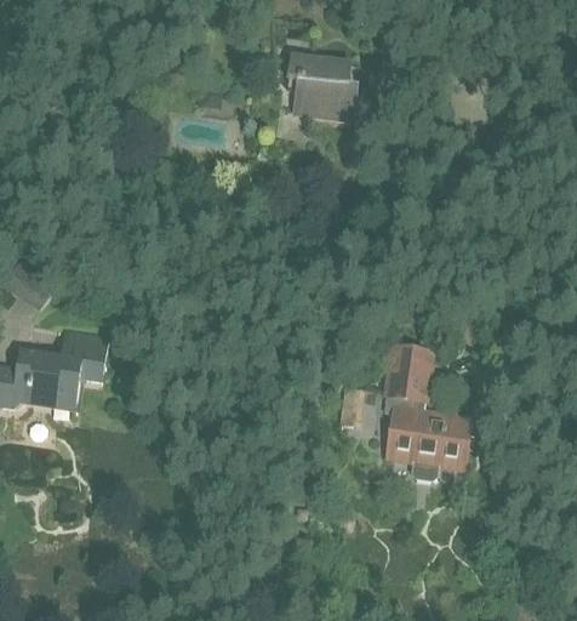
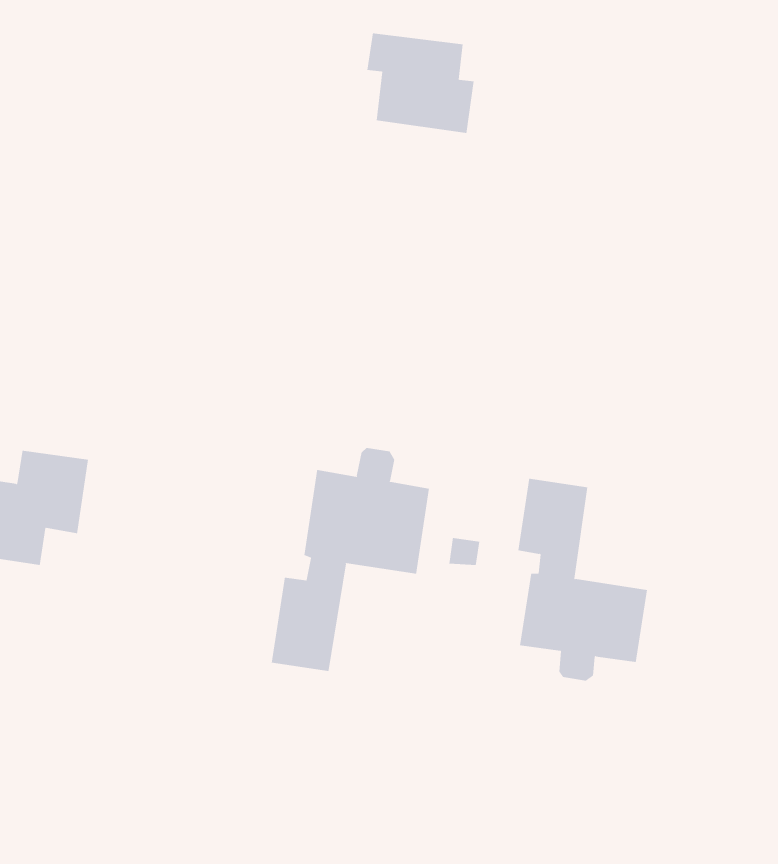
building: none -> [271,447,430,672]

